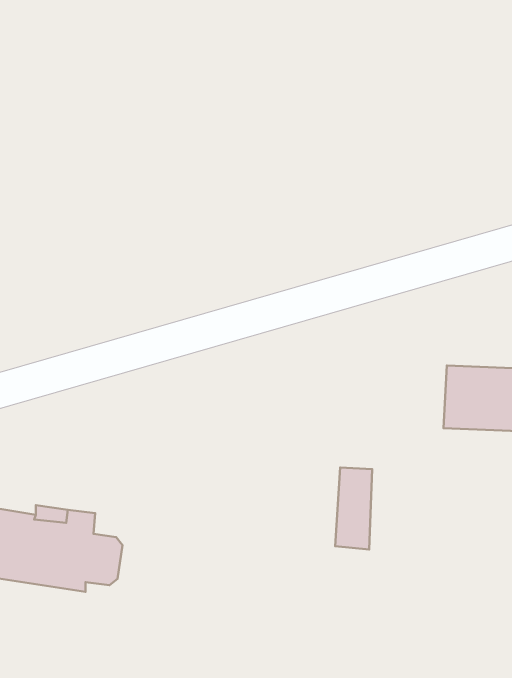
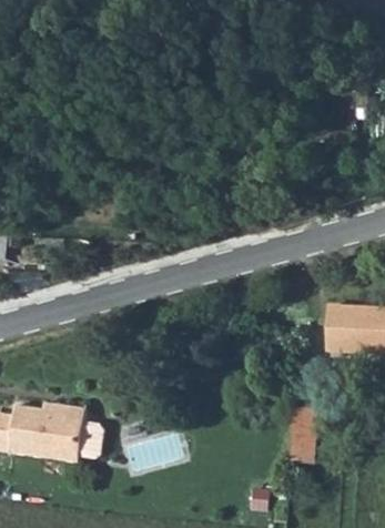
building: [335,468,372,549] -> [288,407,314,464]

